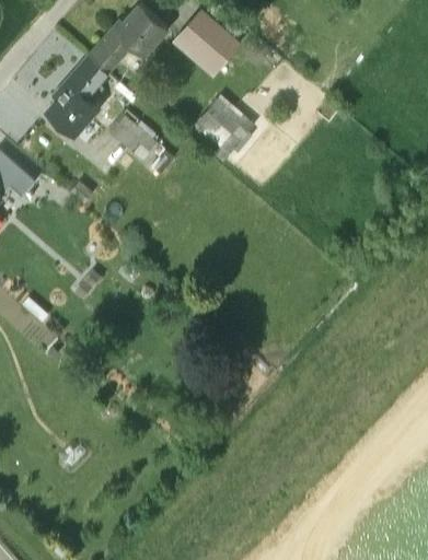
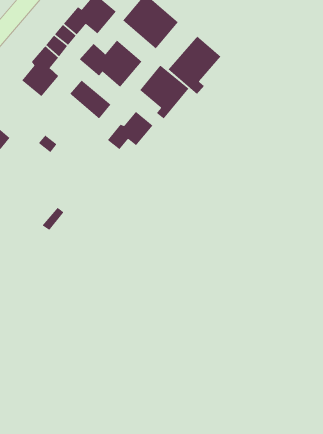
building: none -> [167,35,222,95]
building: none -> [79,40,143,88]
building: none -> [107,111,153,150]

